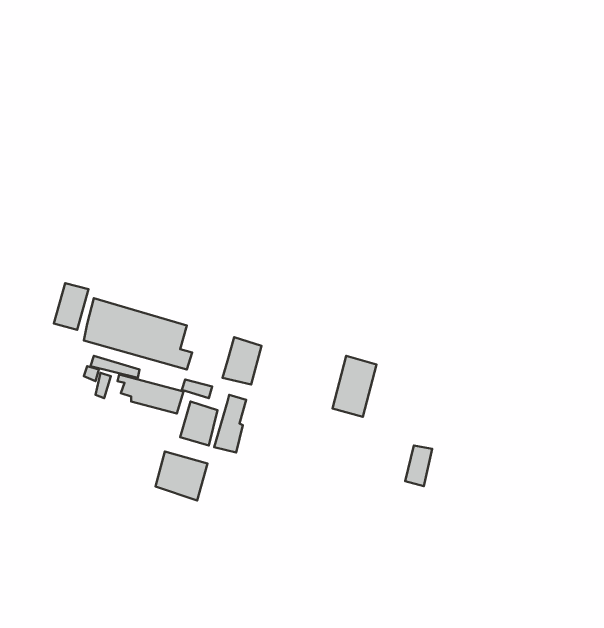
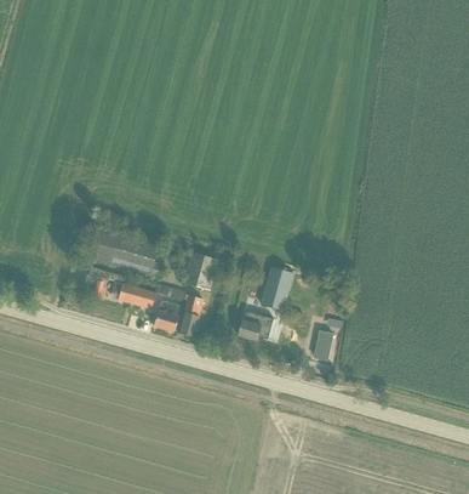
building: [54,283,89,330] -> none
building: none -> [239,308,264,340]
building: [156,451,207,501] -> none

